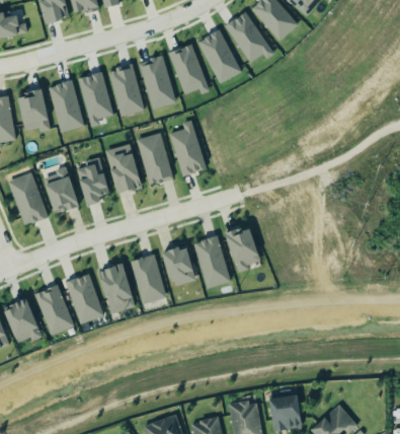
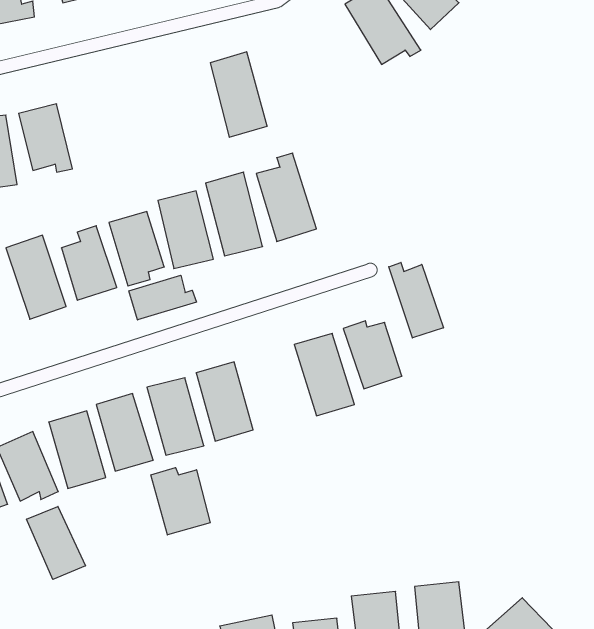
building: [196,29,241,83] -> none
building: [168,44,210,94] -> none
building: [107,64,145,117] -> none
building: [78,72,112,127] -> none
building: [48,80,84,133] -> none
building: none -> [389,262,443,338]
building: none -> [129,275,196,320]
building: [161,244,195,286] -> none
building: none -> [151,468,210,535]
building: none -> [27,506,85,579]

